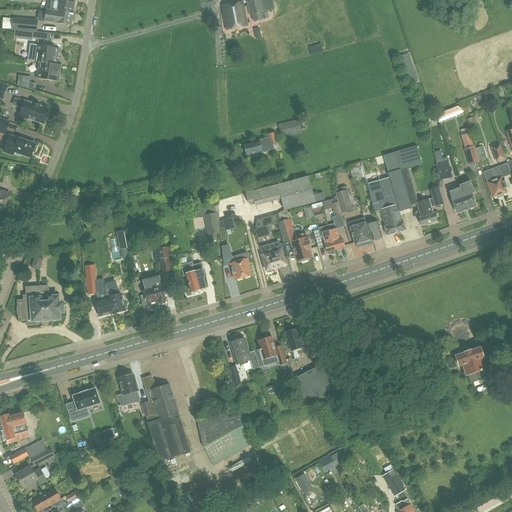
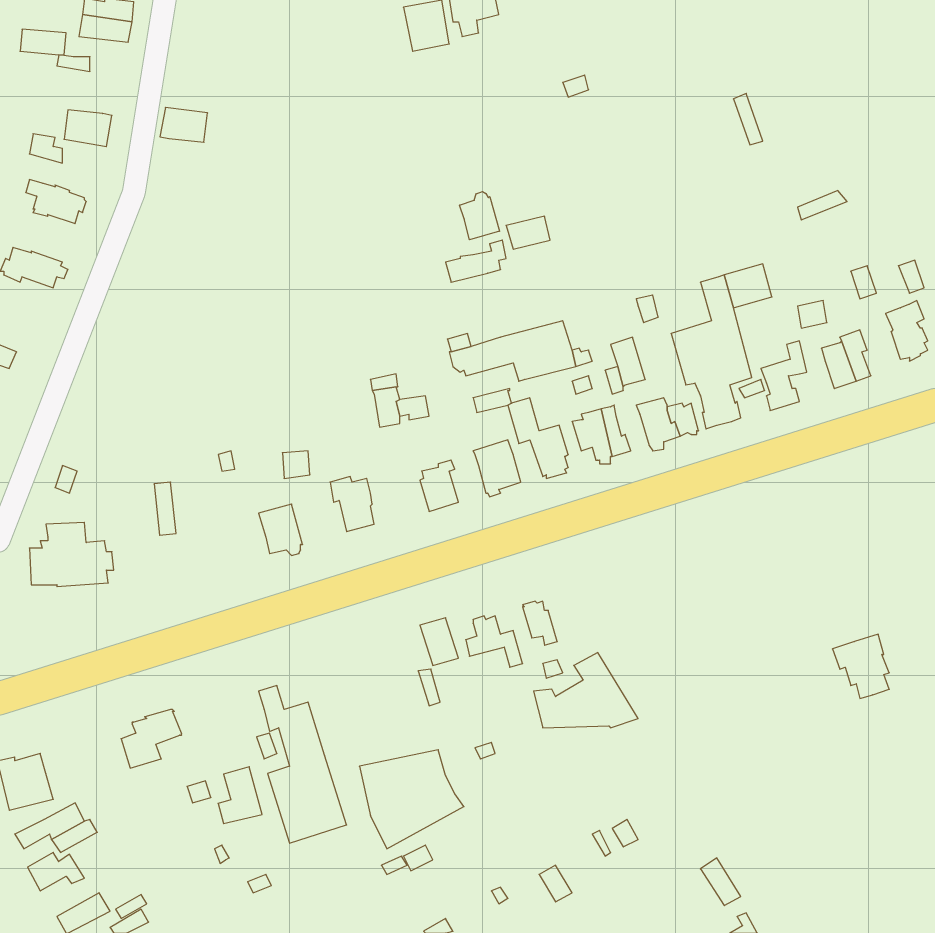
building: [32,43,58,62] -> [160,107,208,142]
building: none -> [460,192,500,240]
building: [95,288,124,315] -> none
building: [115,374,139,405] -> [218,767,262,824]

